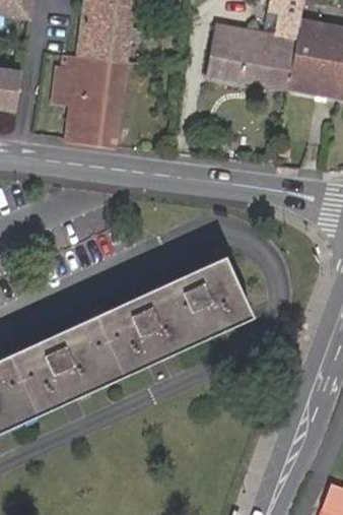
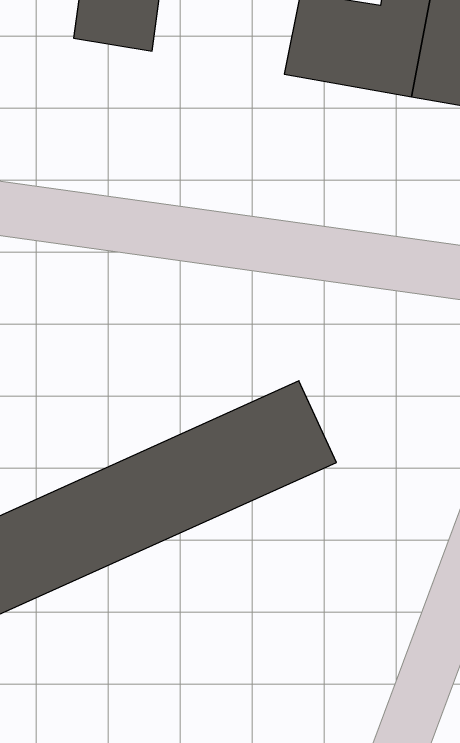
building: [49,52,126,144] -> none

